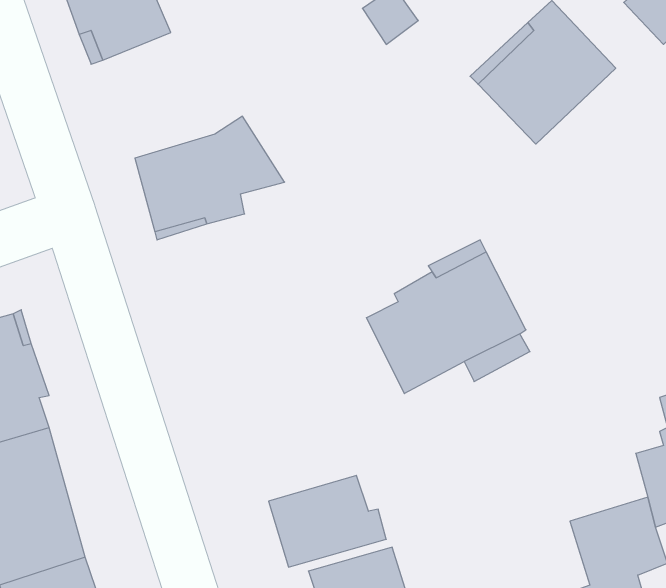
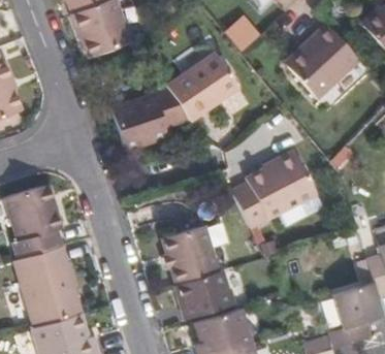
building: none -> [164,53,236,119]
building: none -> [164,225,223,284]

